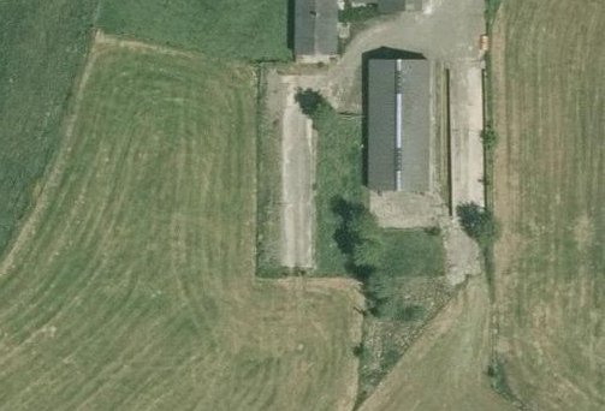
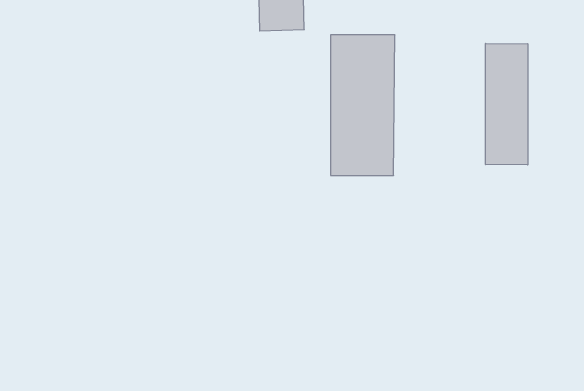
building: none -> [486,43,528,165]

